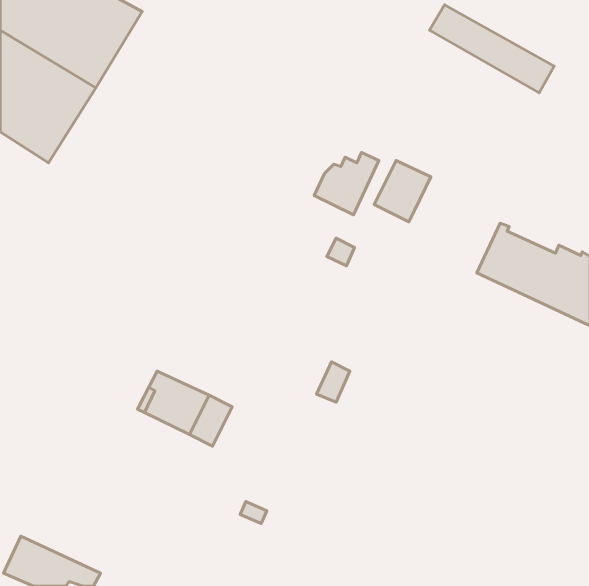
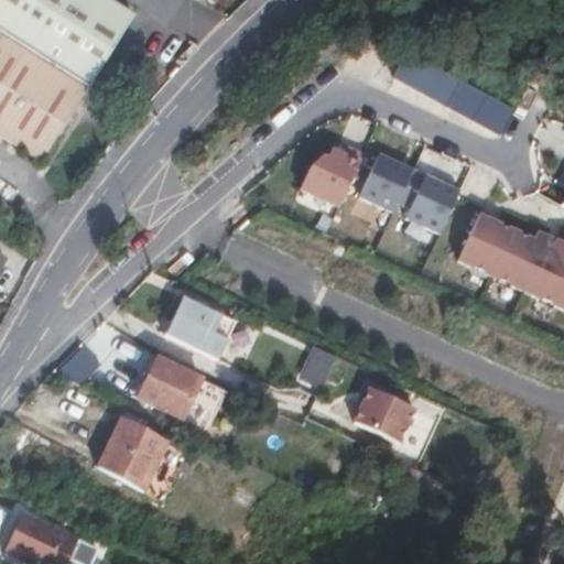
building: [429,5,554,93] -> [393,51,512,134]
building: none -> [397,169,458,232]
building: none -> [164,296,236,358]
building: none -> [352,386,413,441]
building: none -> [98,413,185,491]

